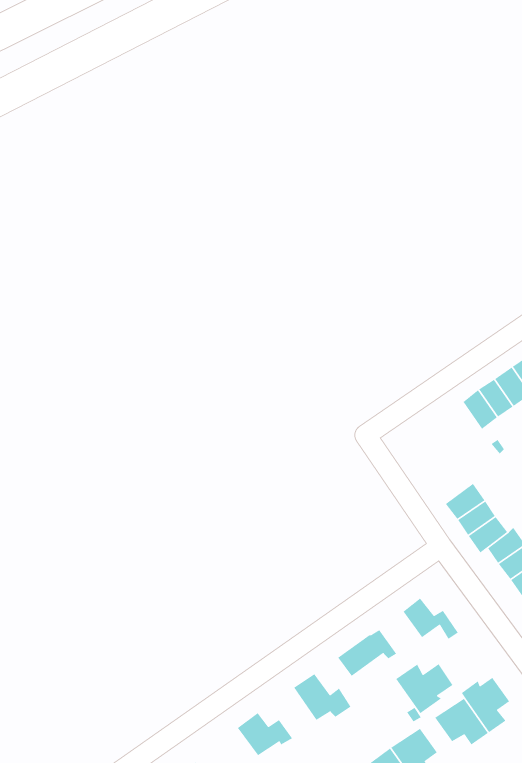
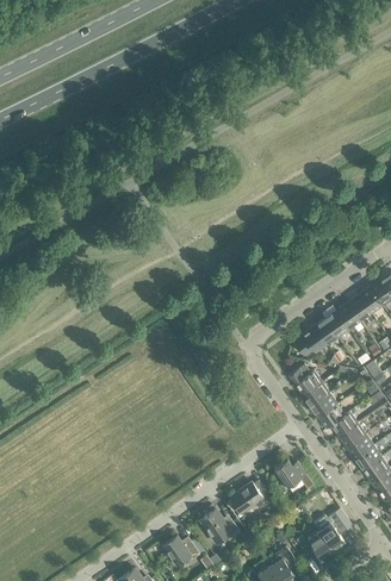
building: none -> [294,327,328,357]
building: none -> [287,363,322,396]
building: [395,663,454,714] -> none

